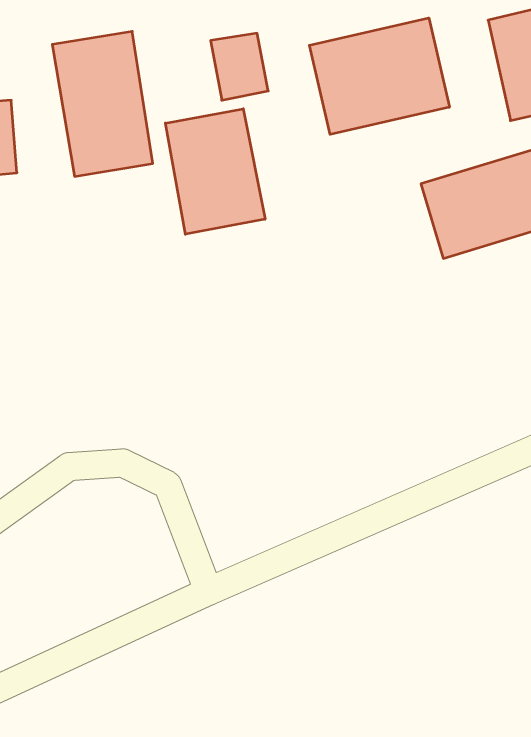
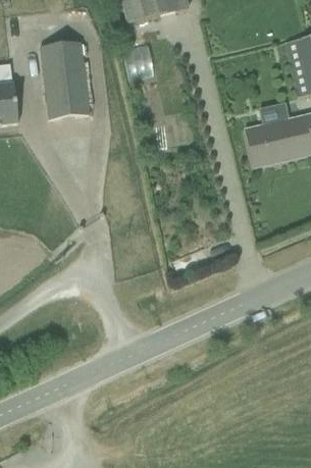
building: [309,18,449,134] -> none
building: [165,109,265,234] -> none

